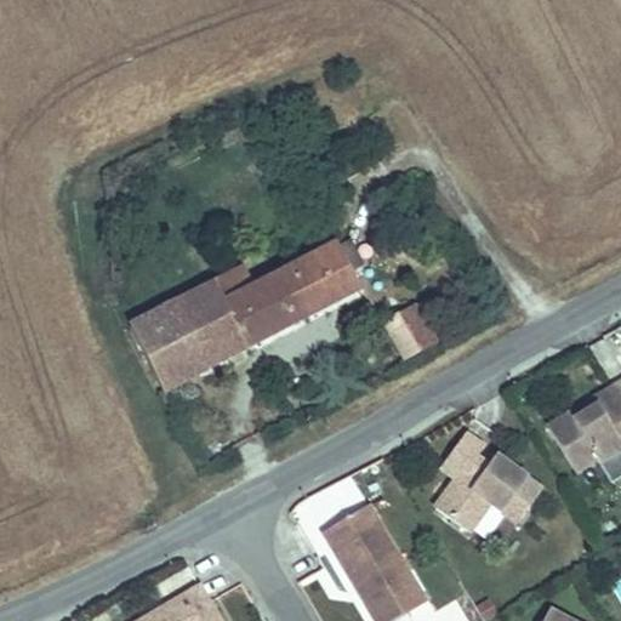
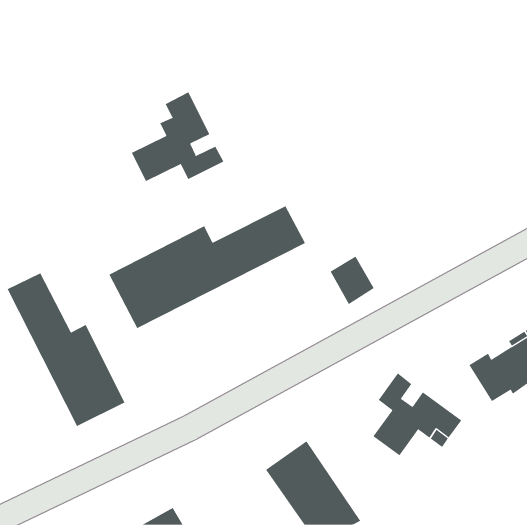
building: none -> [131,91,224,182]
building: none -> [7,272,125,427]

